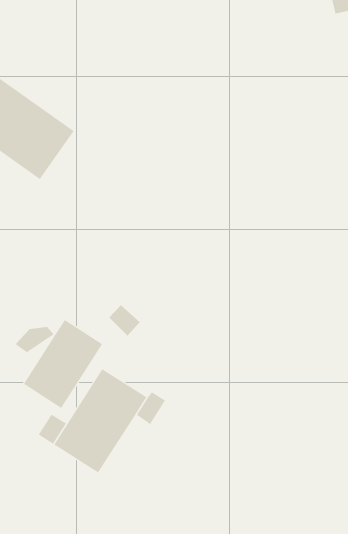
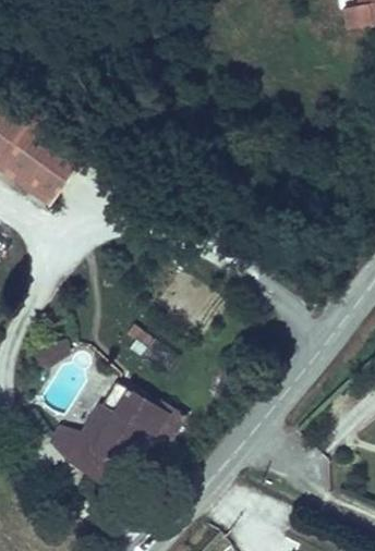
building: [23,319,103,409] -> none

